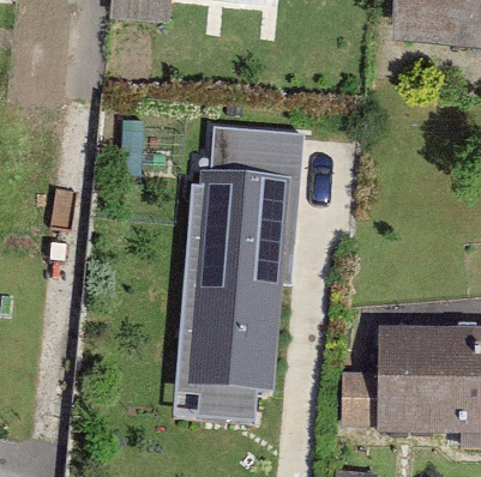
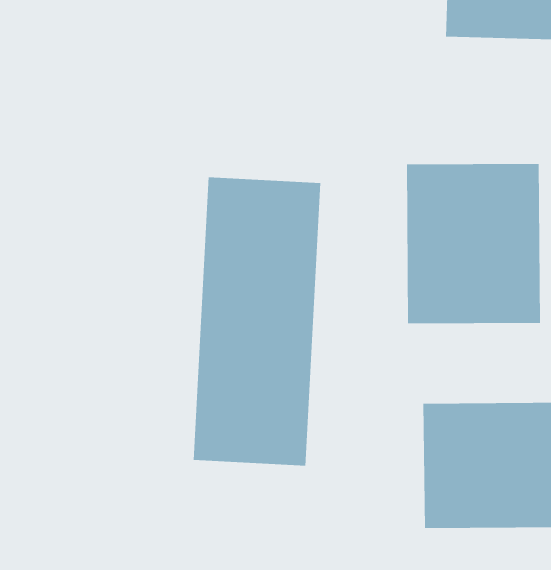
building: none -> [406,163,541,324]

